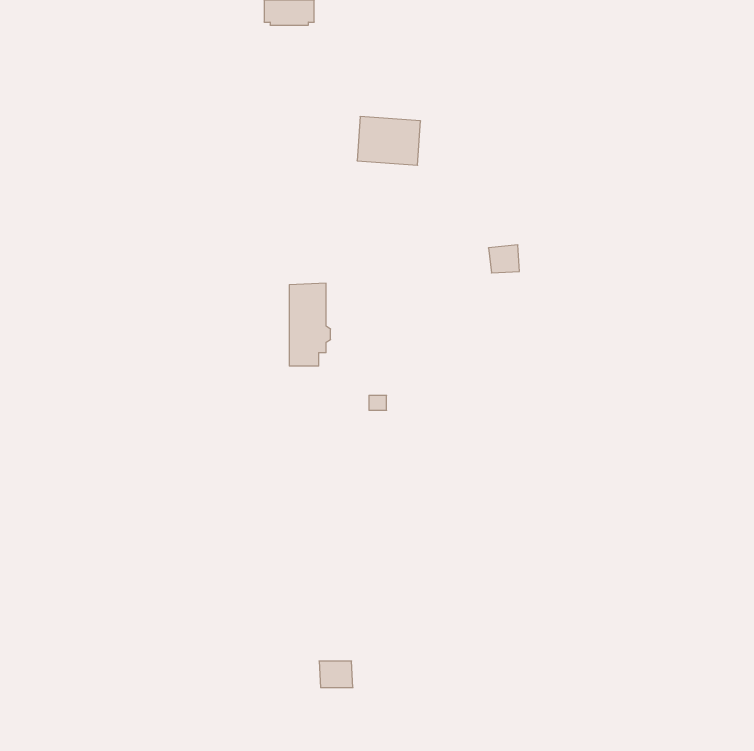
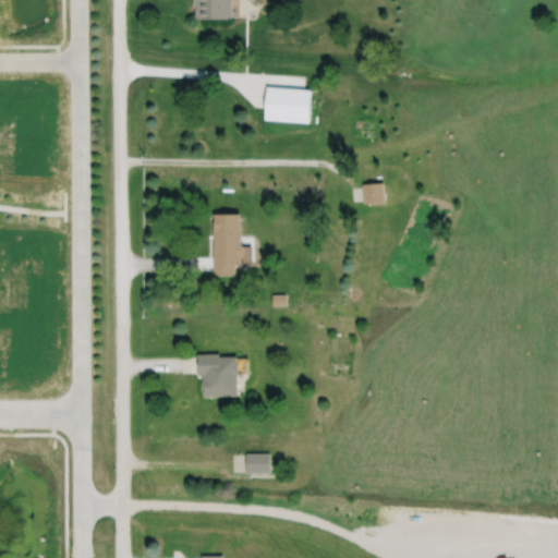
building: none -> [197,353,239,396]
building: [319,661,353,688] -> [245,453,270,473]

